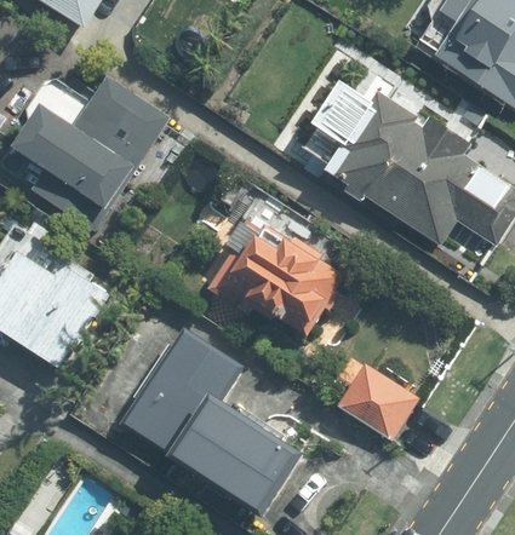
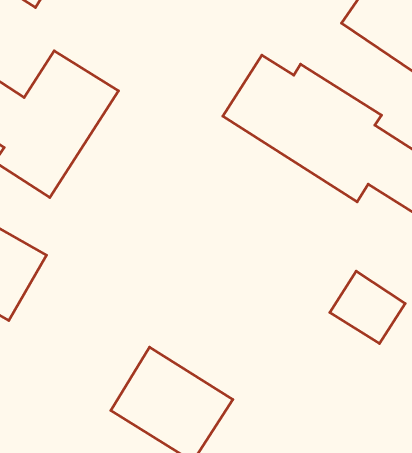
building: [218,228,344,345] -> none
building: [114,327,231,465] -> none
building: [336,359,418,438] -> [330,271,405,343]

